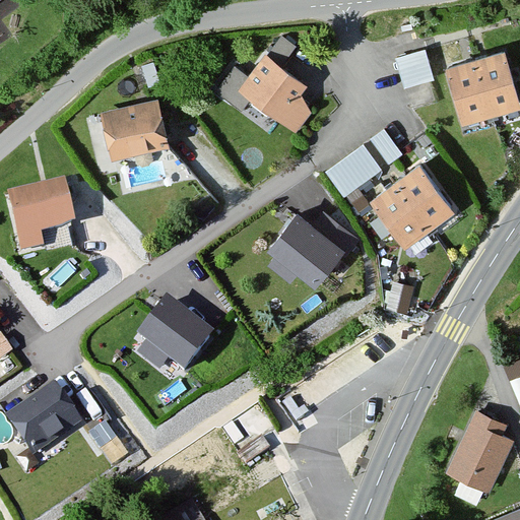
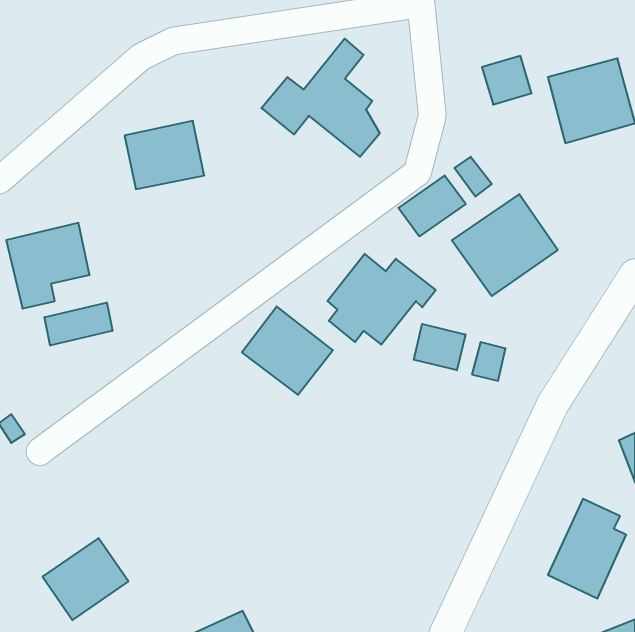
building: none -> [45,302,112,346]
building: none -> [414,324,465,370]
building: [138,303,212,375] -> [242,306,333,395]
building: [8,391,78,458] -> [43,538,128,620]

